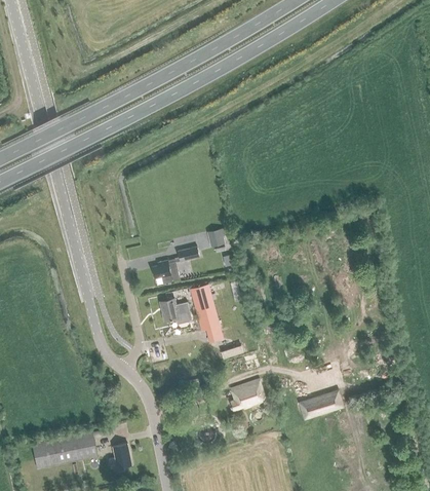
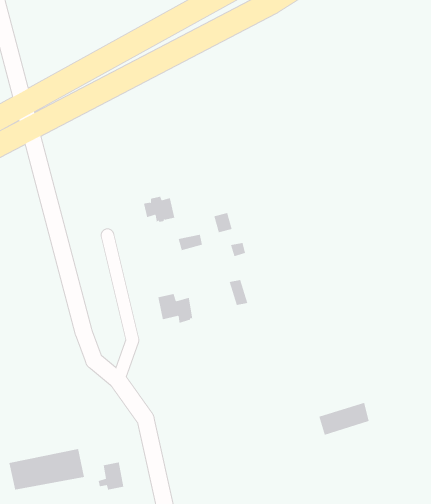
building: [152,260,180,282] -> [143,196,175,222]
building: [192,287,220,330] -> none
building: [230,378,266,410] -> none

